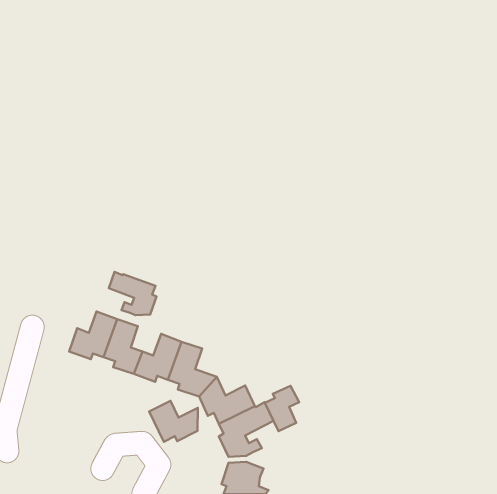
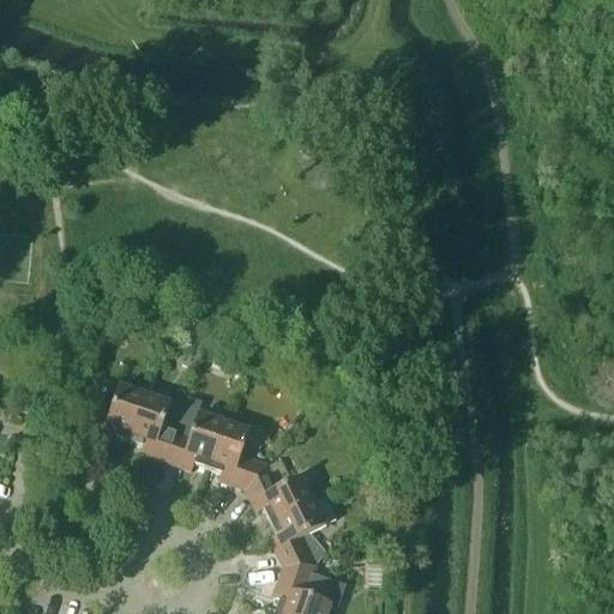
building: [109,272,157,315] -> none
building: [265,386,299,431] -> none
building: [149,401,198,442] -> none

